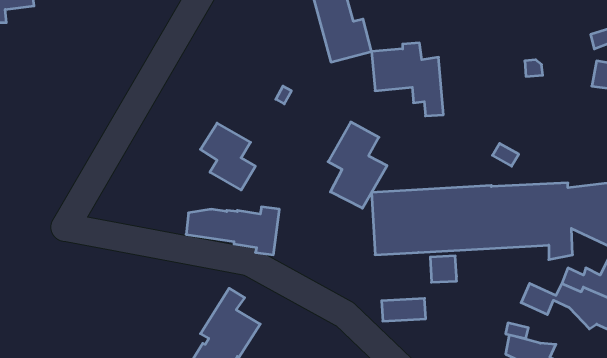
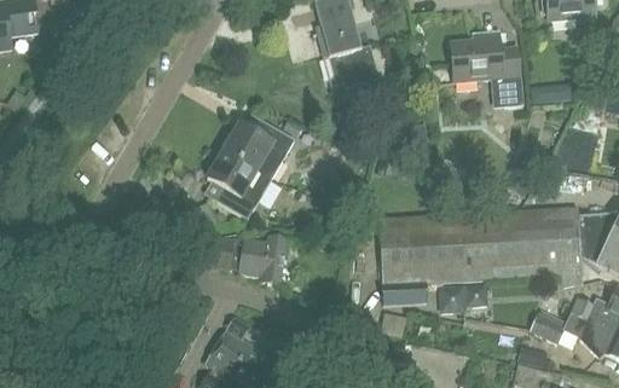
building: [372,43,443,116] -> [451,31,523,105]
building: none -> [224,118,295,168]
building: [328,122,387,208] -> none
building: [382,298,426,321] -> [383,279,428,302]

